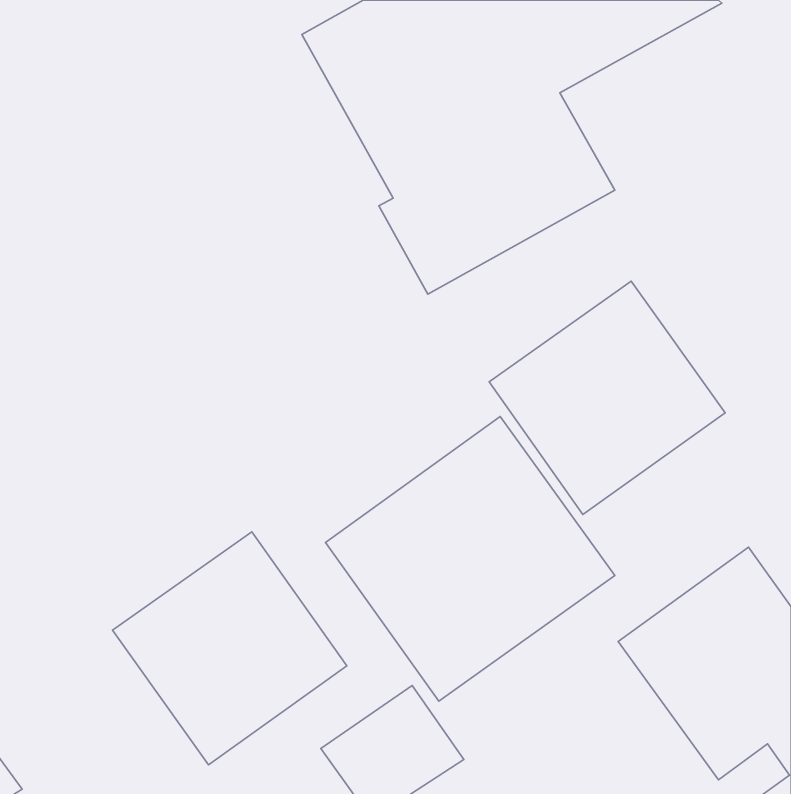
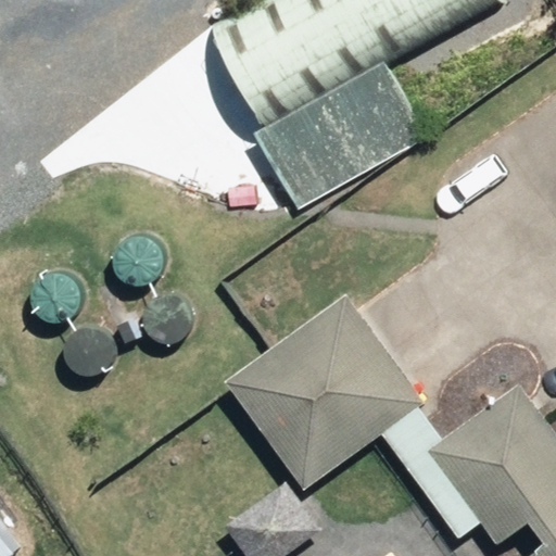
building: [489,281,725,515] -> none
building: [112,532,347,765] -> none

